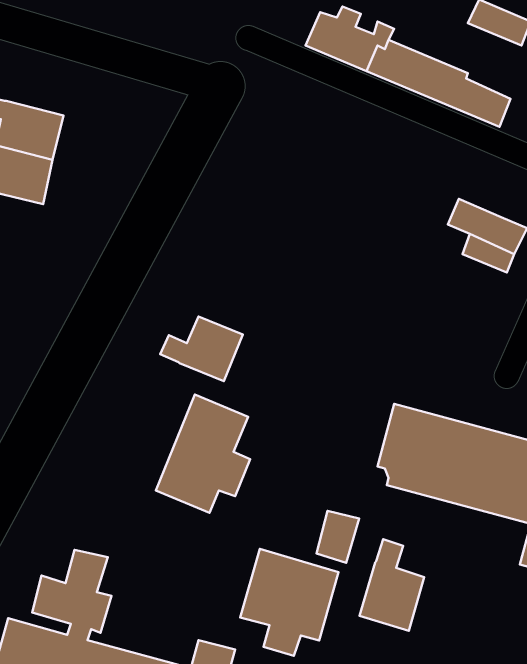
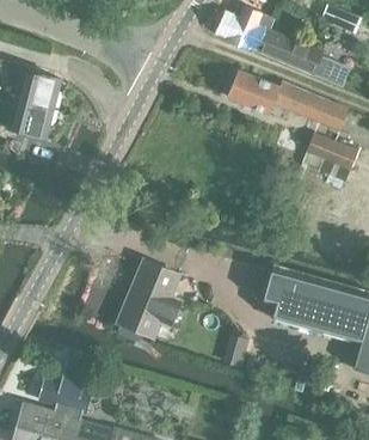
building: none -> [226,71,346,130]
building: [160,317,243,381] -> none
building: [359,539,424,631] -> none
building: [240,549,339,656] -> none

